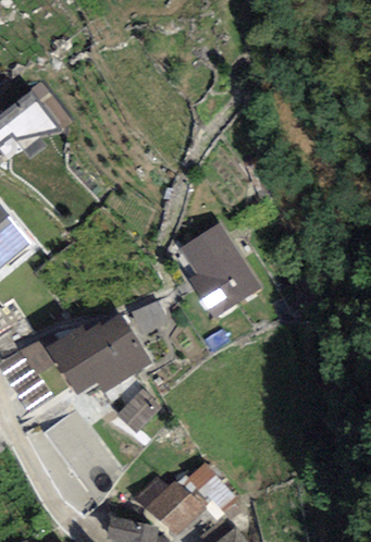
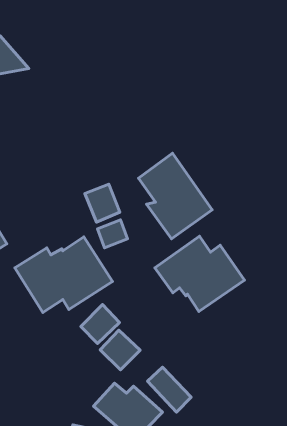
building: none -> [85,184,120,222]
building: none -> [155,236,244,311]
building: none -> [100,330,140,370]

